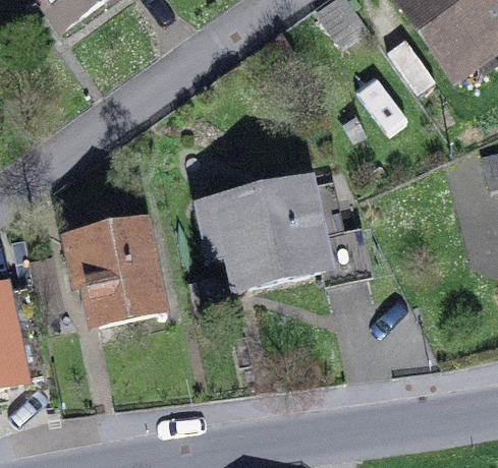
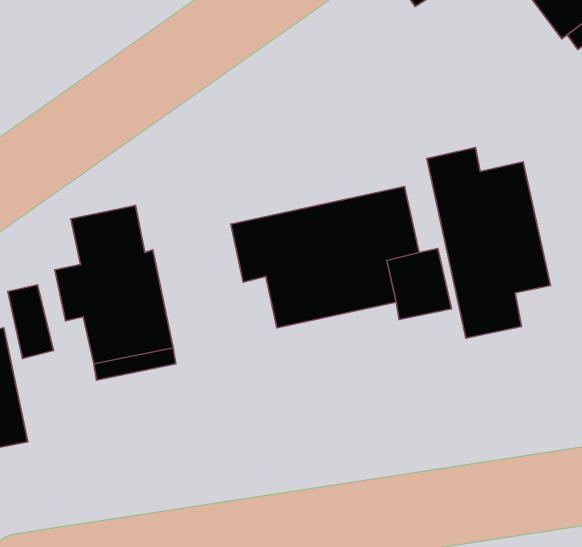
building: none -> [427,148,550,338]

